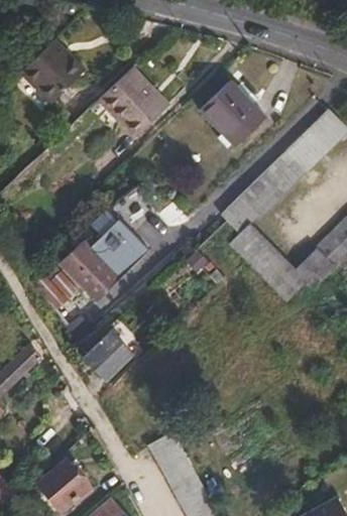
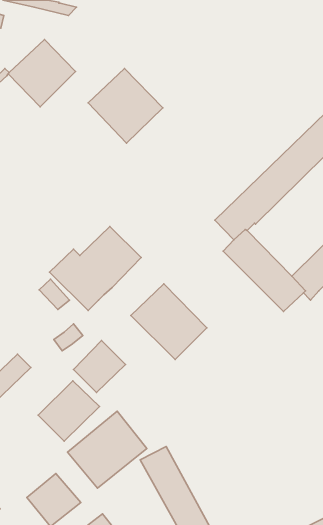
building: [198,80,266,147] -> none
building: none -> [131,284,207,360]
building: none -> [38,381,100,441]
building: none -> [67,411,147,488]

